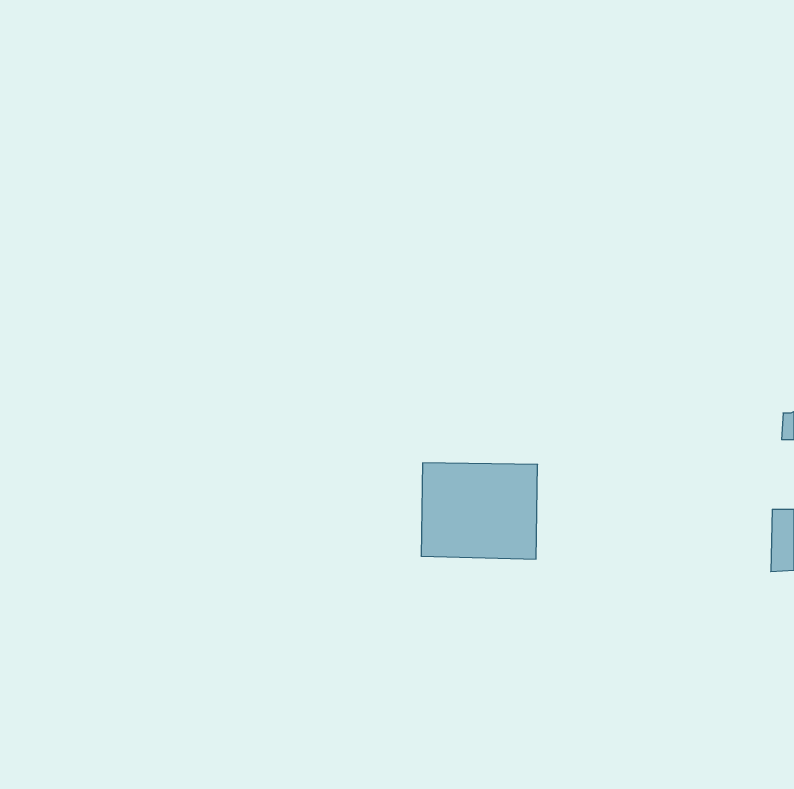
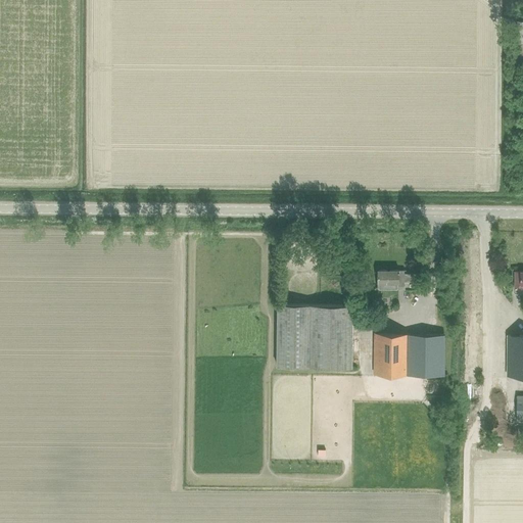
building: none -> [378,273,405,289]
building: none -> [374,337,444,378]

